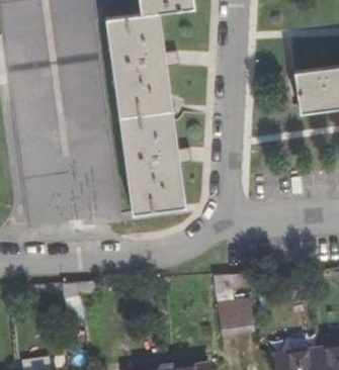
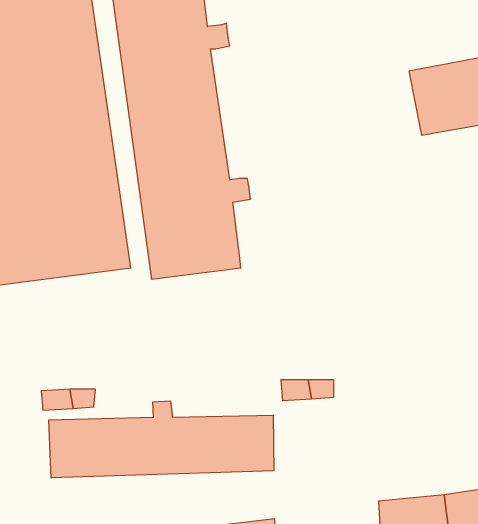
building: none -> [49,401,274,478]
building: [218,298,255,331] -> none

